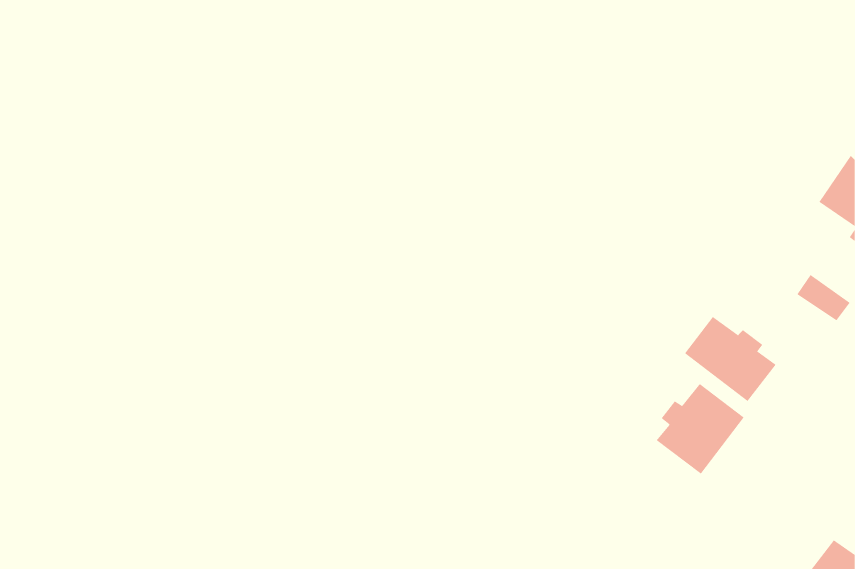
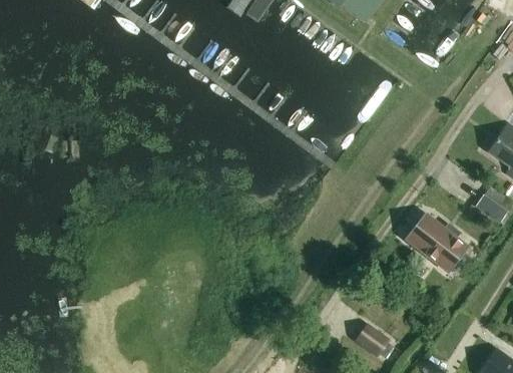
building: [656,383,745,475] -> none
building: none -> [355,324,393,358]

